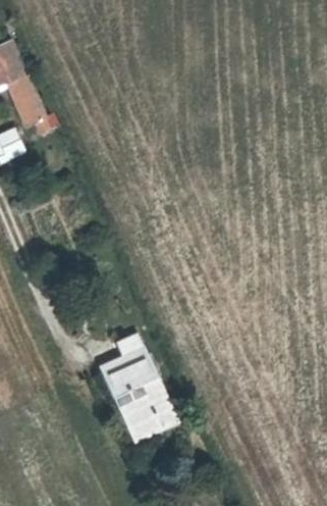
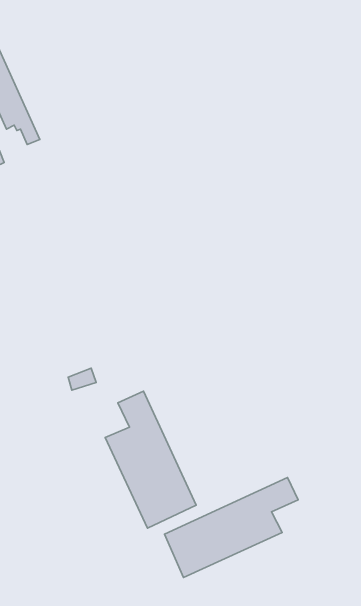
building: none -> [164,478,298,577]

